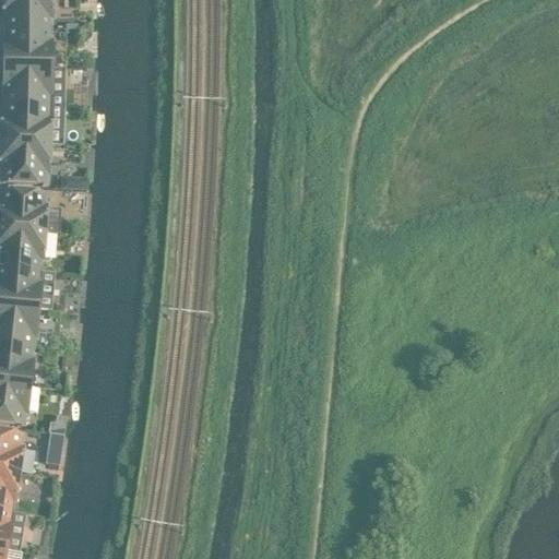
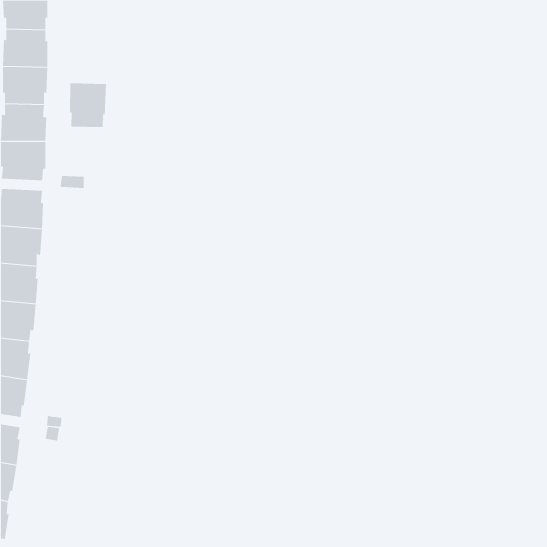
building: none -> [70,83,106,128]

